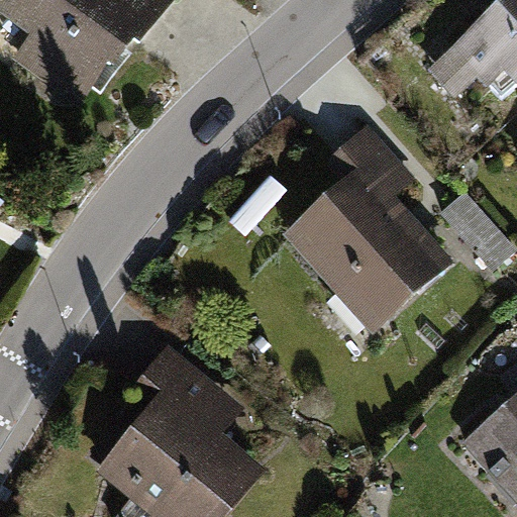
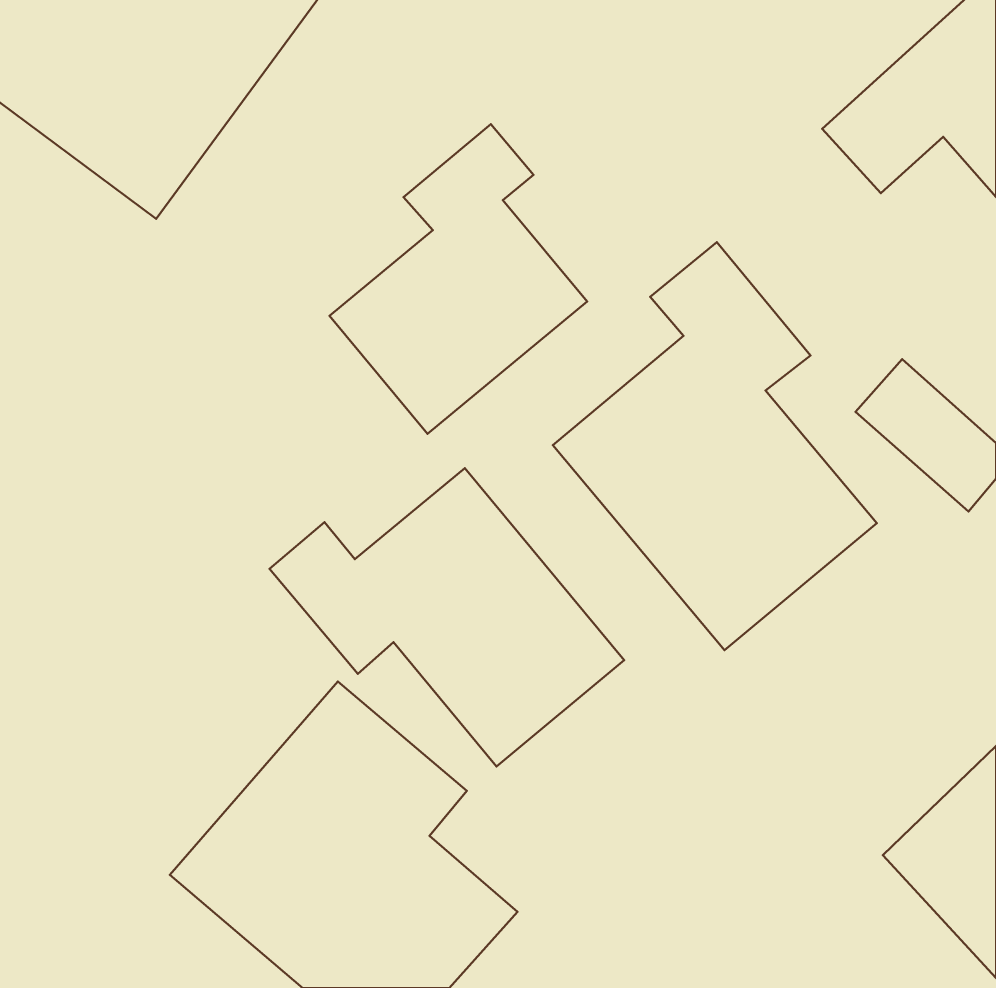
building: none -> [329,124,587,434]
building: none -> [270,468,624,767]

